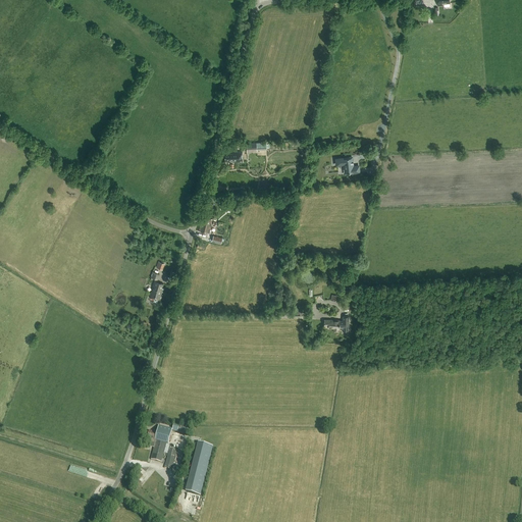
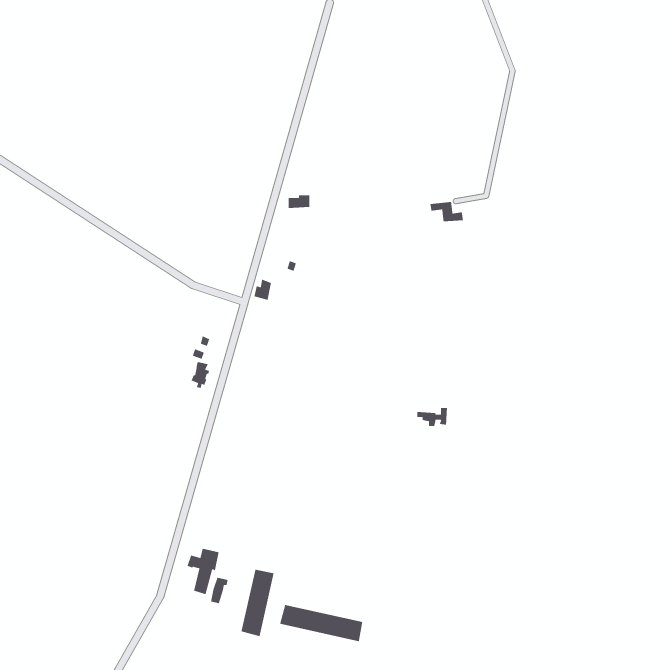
building: none -> [279,604,363,642]

